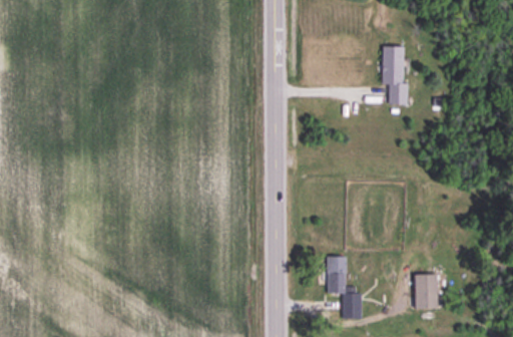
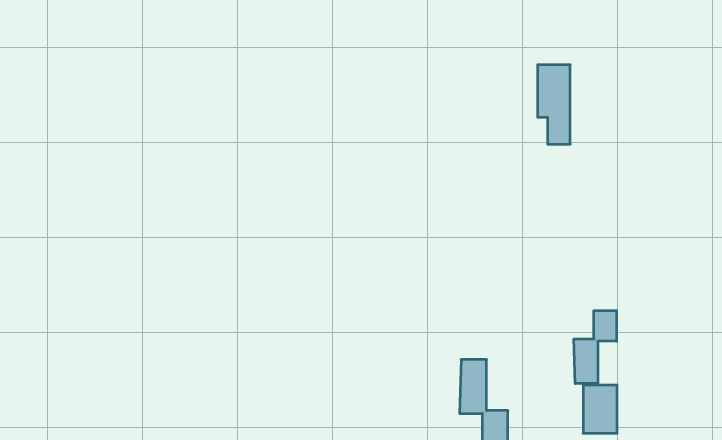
building: none -> [574,311,617,384]

